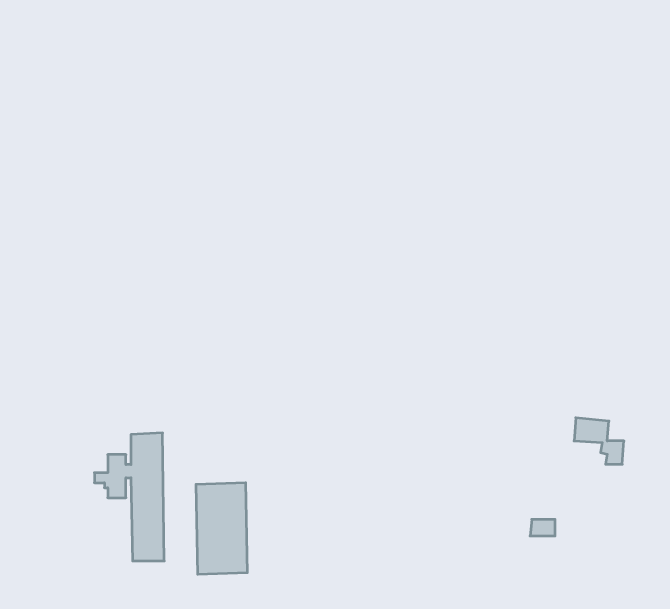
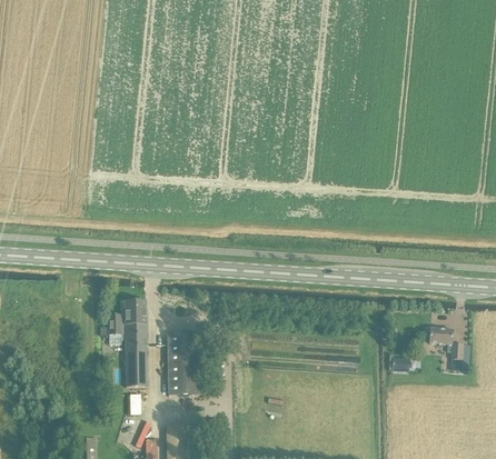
building: [574,418,624,464] -> [428,327,462,358]

